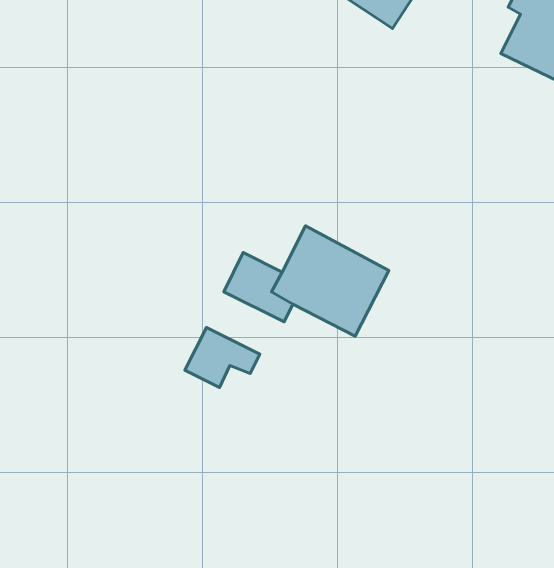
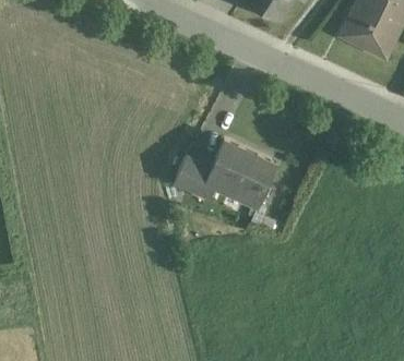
building: [185,327,260,388] -> none

